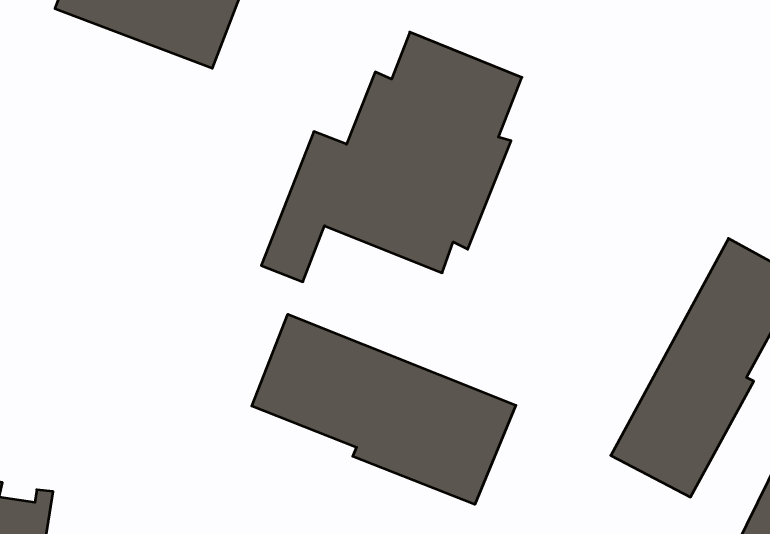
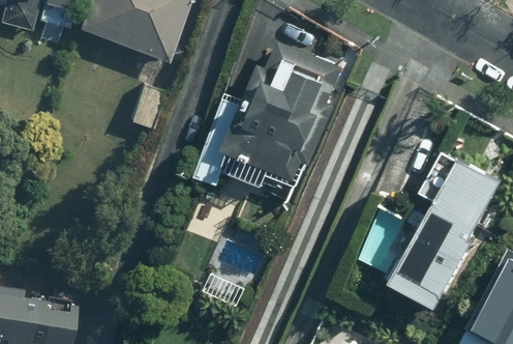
building: [252,314,516,504] -> none

